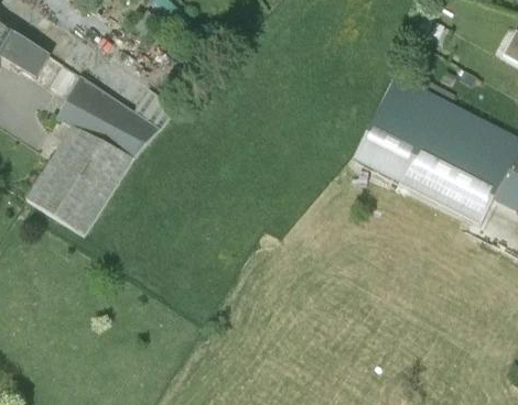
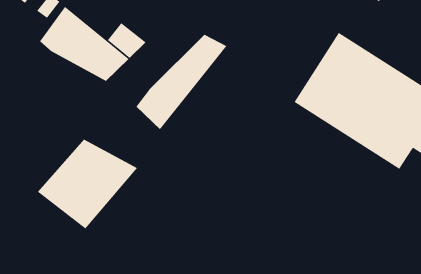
building: none -> [135,34,227,130]
building: [23,129,136,232] -> [37,138,138,230]

